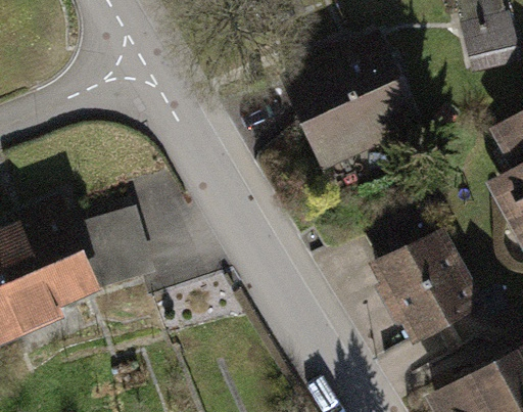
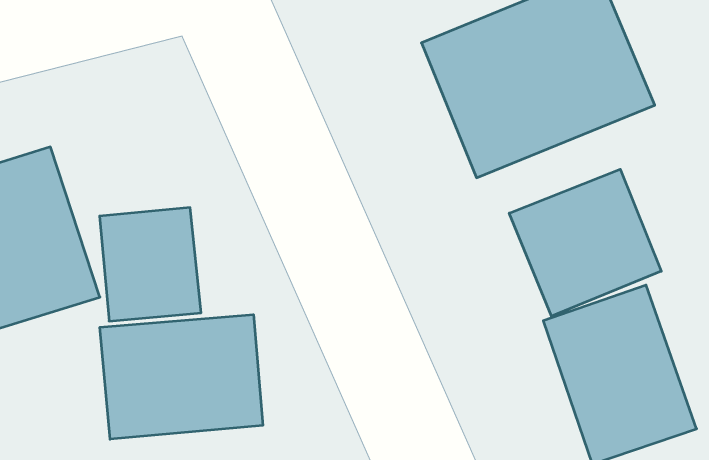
building: none -> [509,169,661,316]
building: none -> [100,315,263,439]

